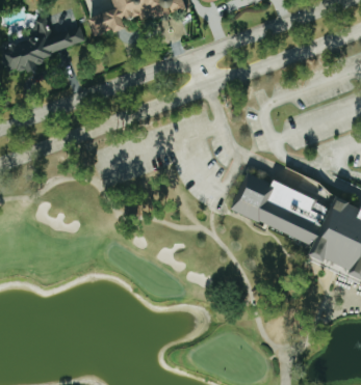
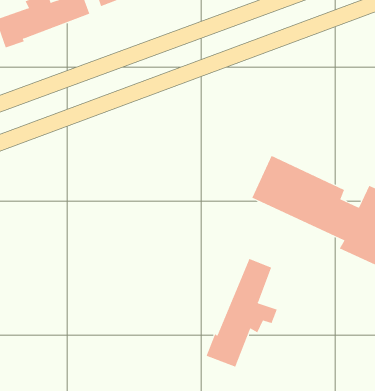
building: none -> [206,258,278,368]

